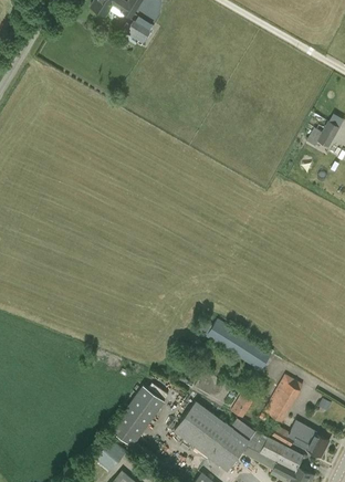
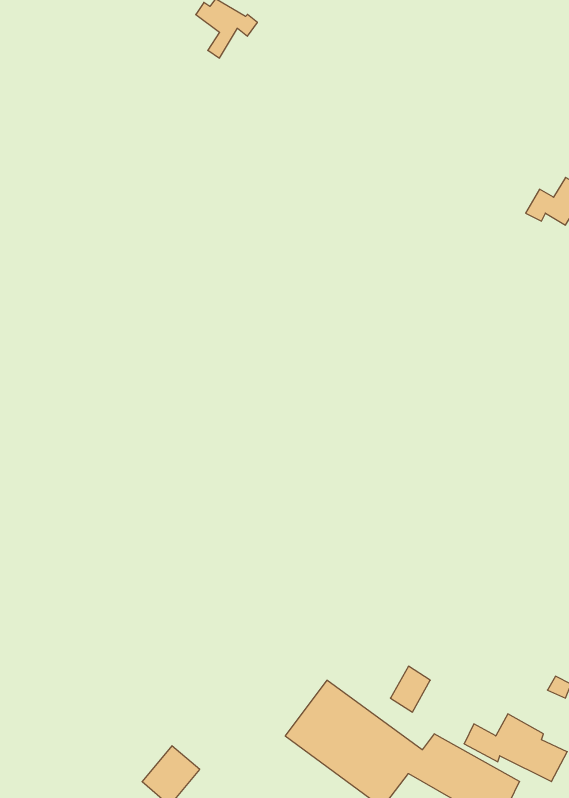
building: [206,318,272,371] -> none
building: [263,374,303,421] -> none
building: [111,384,165,444] -> none

